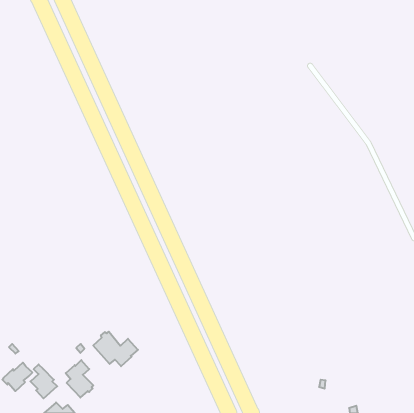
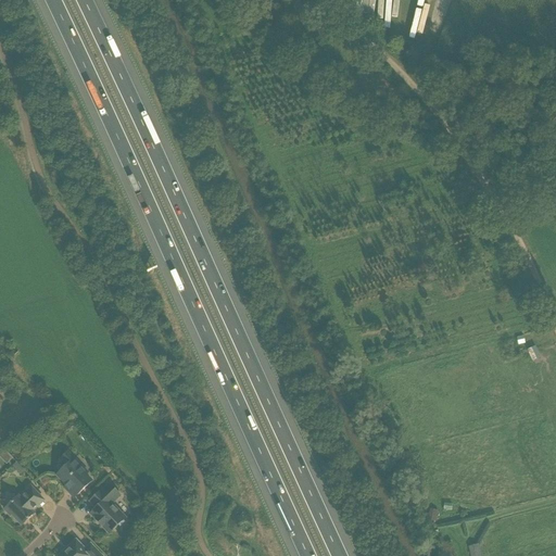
building: [93,332,138,366] -> none
building: [30,364,57,398] -> [55,450,91,495]

